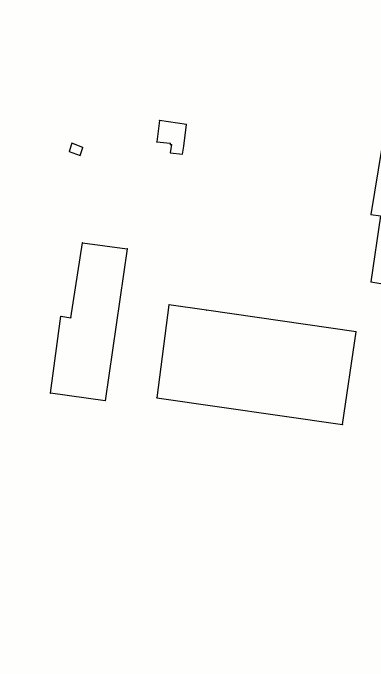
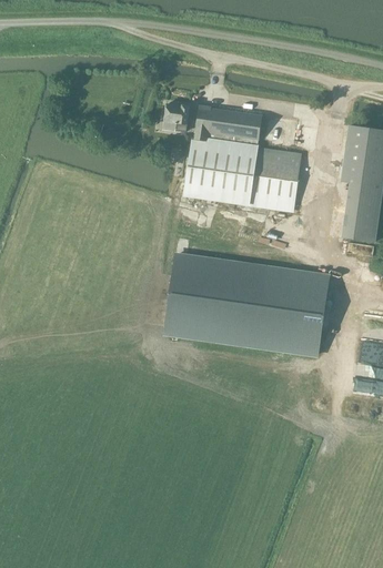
building: none -> [183,105,301,211]
building: [50,243,127,401] -> none

